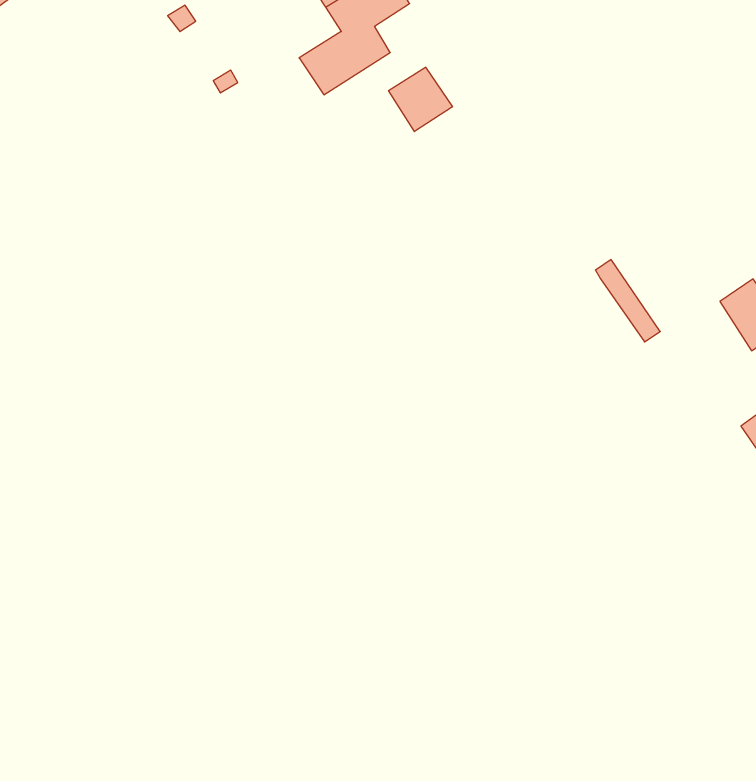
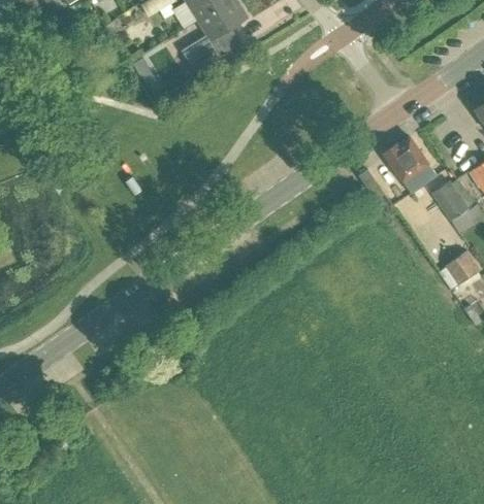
building: [389,67,452,132] -> none
building: none -> [384,136,428,193]

